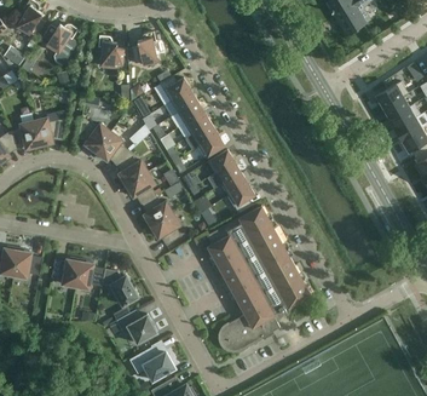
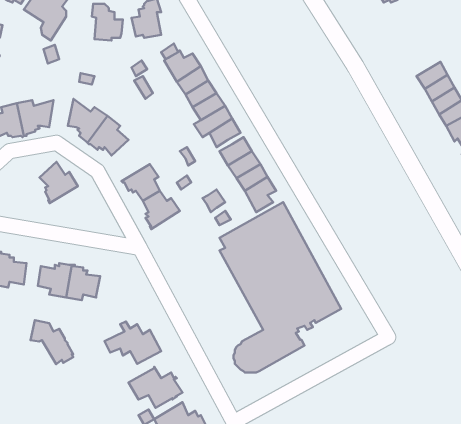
building: [114,151,146,186] -> [40,162,78,203]
building: [148,212,180,245] -> none
building: [100,268,137,305] -> [31,320,73,364]

